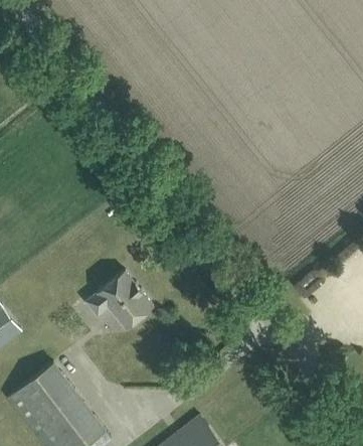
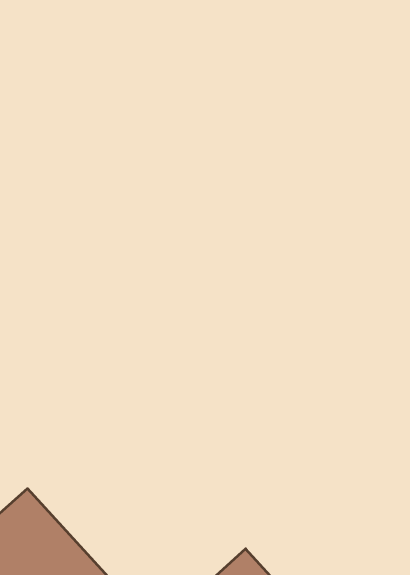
building: [86,271,154,328] -> none

